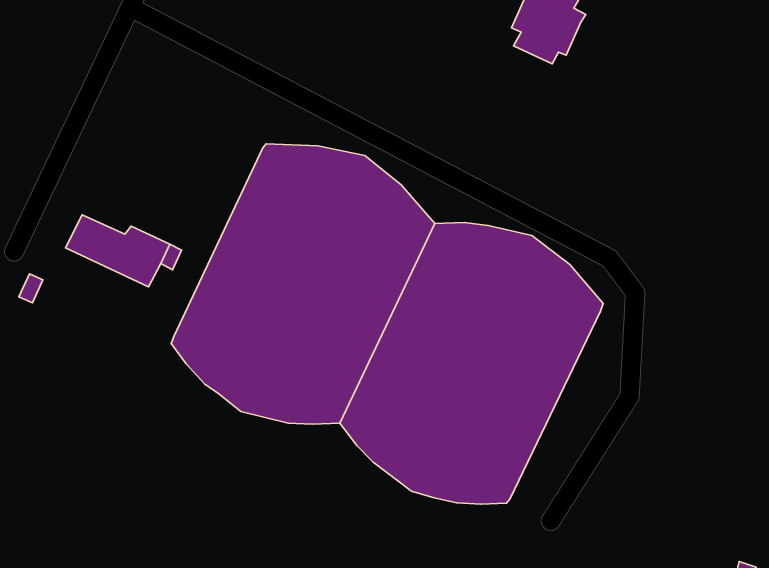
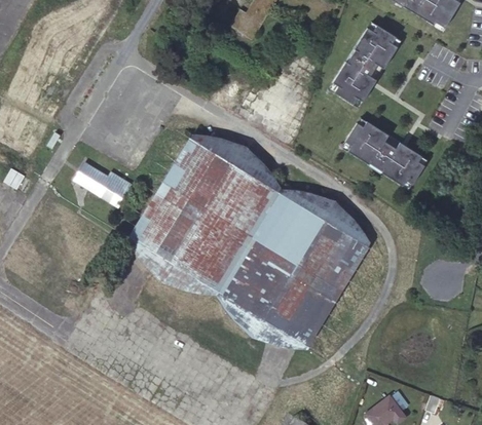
building: none -> [346,122,424,187]

